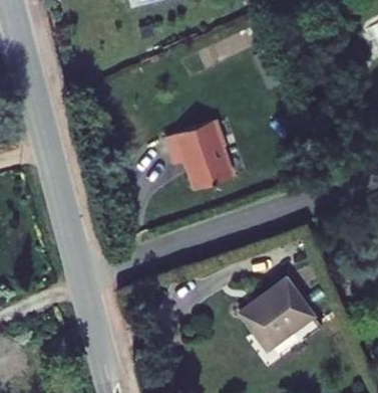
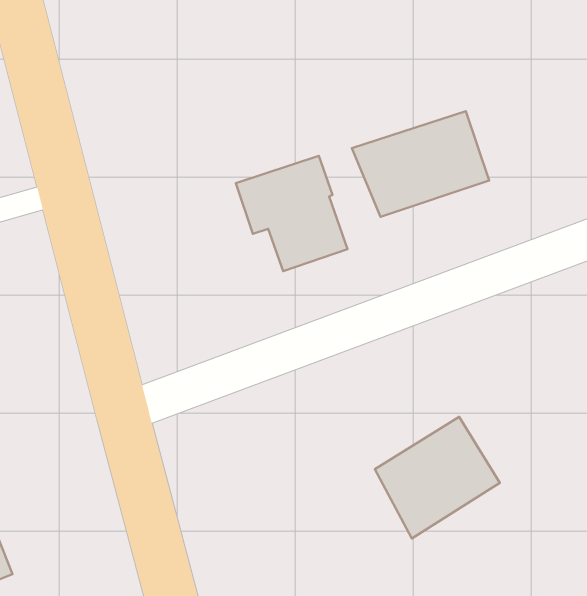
building: none -> [352,111,489,217]

